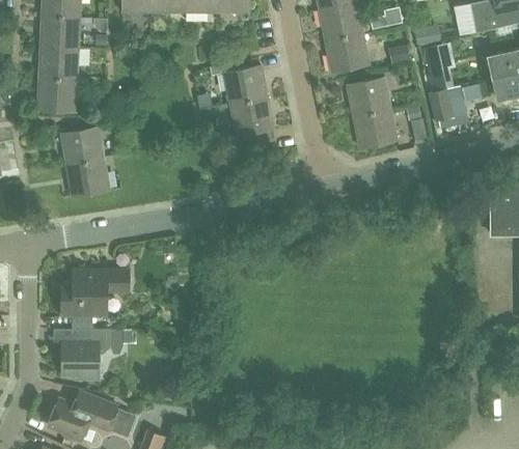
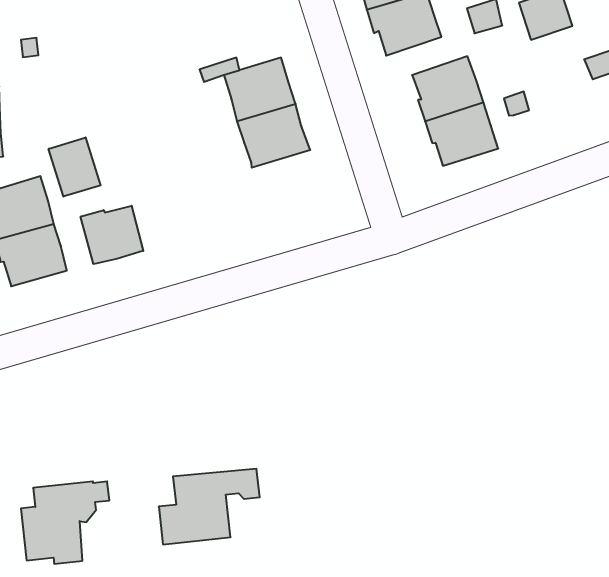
building: [427,88,453,121] -> none
building: none -> [49,137,101,197]
building: none -> [81,206,143,264]
building: [61,271,128,314] -> [159,469,260,544]

